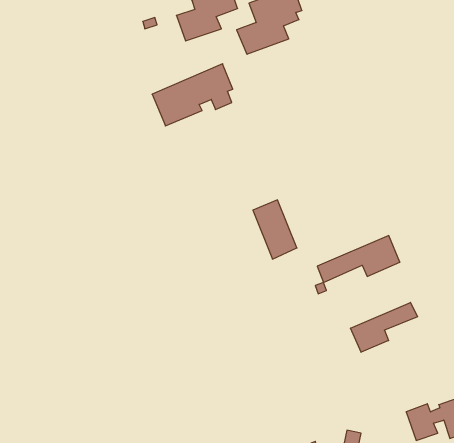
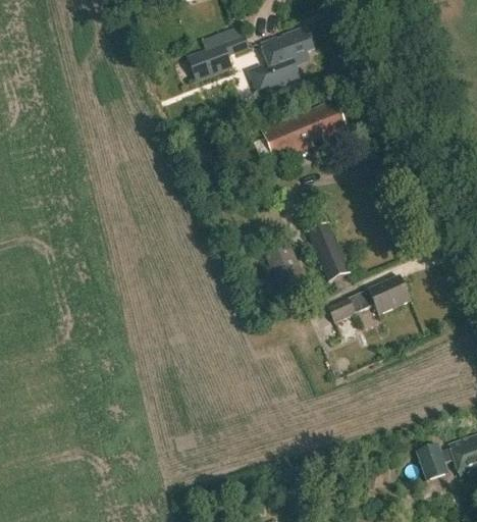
building: [152,64,233,126] -> [262,97,342,159]
building: none -> [308,222,350,279]
building: [351,302,417,352] -> none

